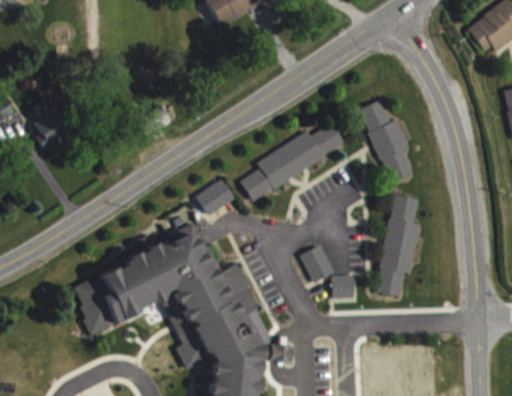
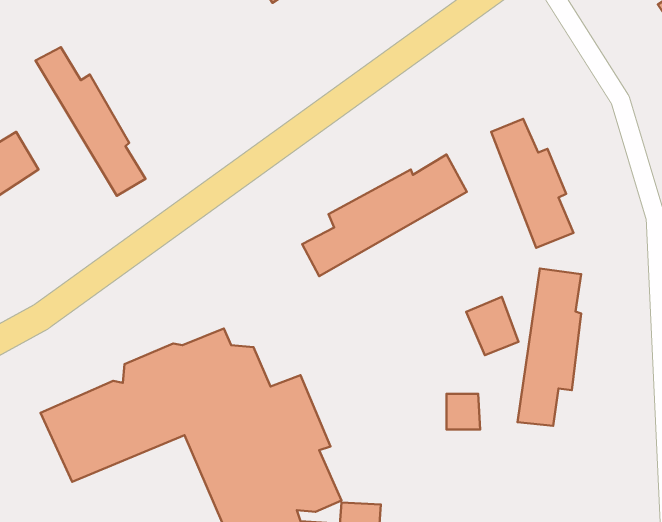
building: none -> [36,47,146,196]
building: [195,179,234,215] -> none
building: [299,244,333,281] -> [466,297,519,355]

